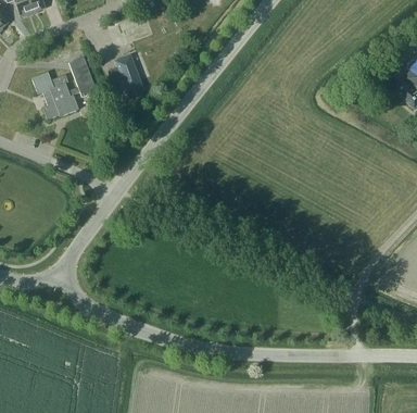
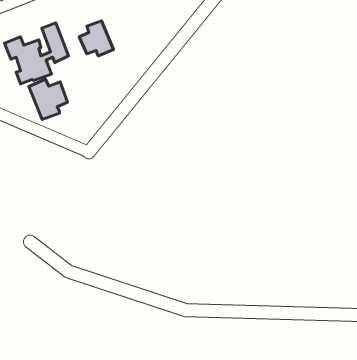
building: none -> [29,79,68,120]

